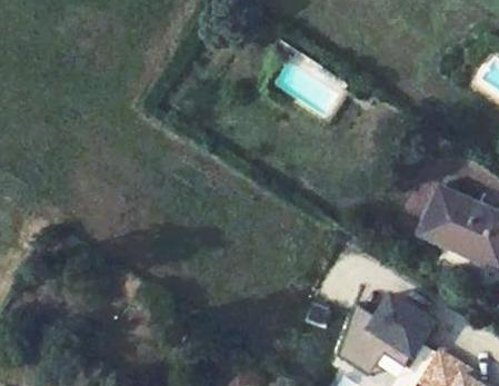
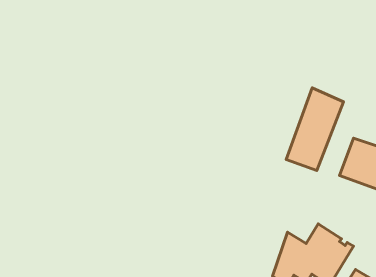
building: none -> [286,88,344,170]

